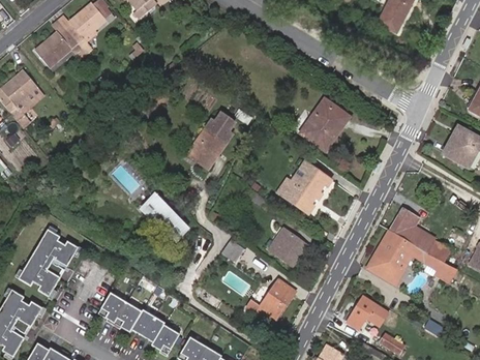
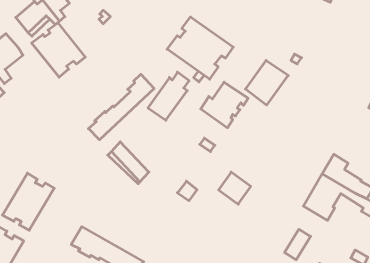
building: none -> [167,17,233,79]
building: none -> [32,23,85,77]
building: none -> [88,74,154,140]
building: [277,161,332,214] -> [201,82,248,128]
building: [256,280,295,321] -> none

